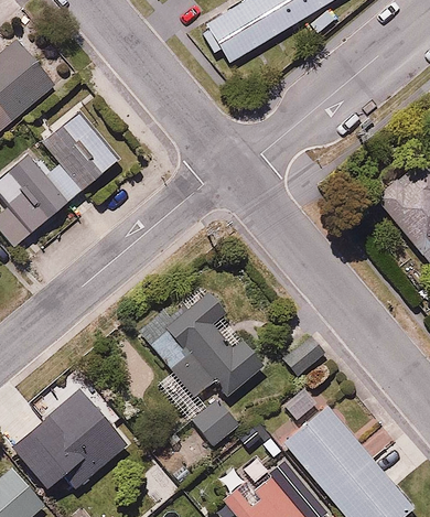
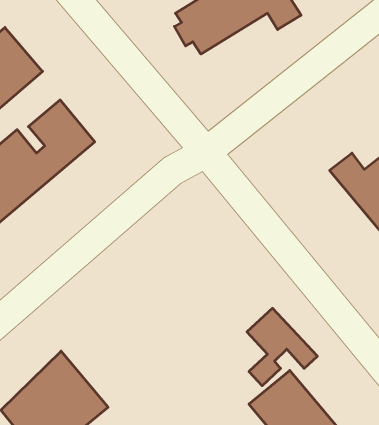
building: [146,291,272,446] -> none

